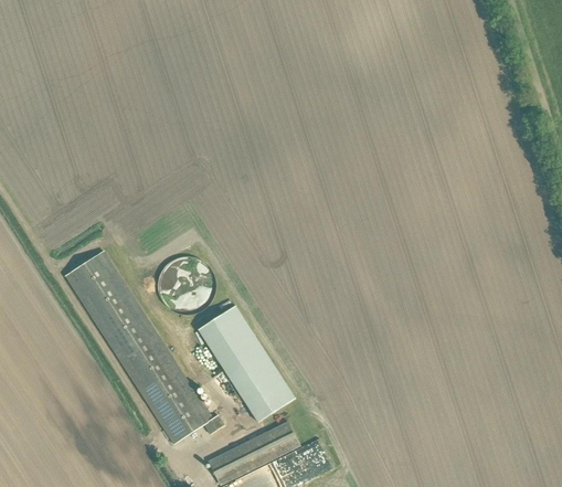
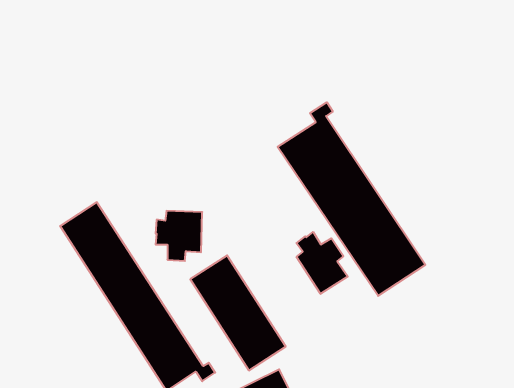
building: none -> [278,102,425,296]
building: none -> [296,232,348,294]

